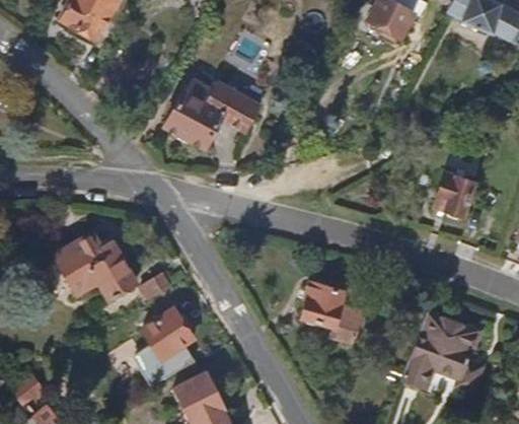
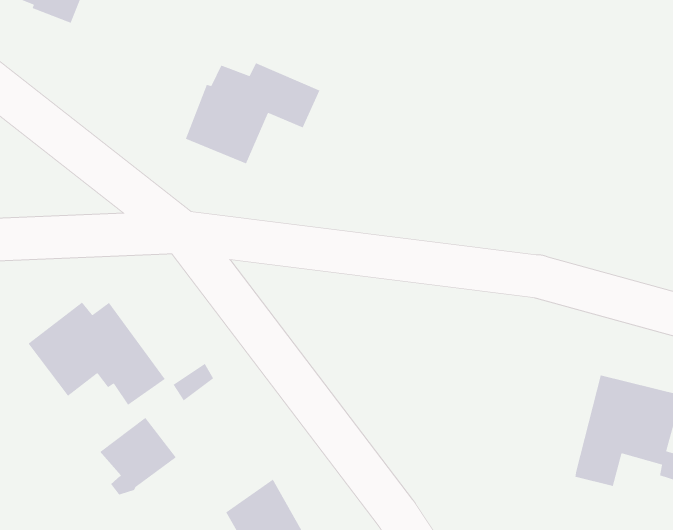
building: [435,173,473,219] -> none
building: [301,283,363,343] -> none
building: [144,310,196,361] -> [99,417,177,495]

